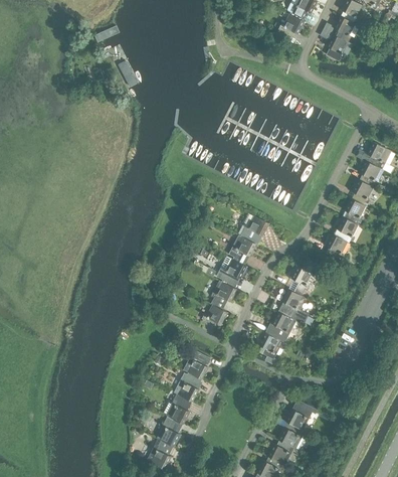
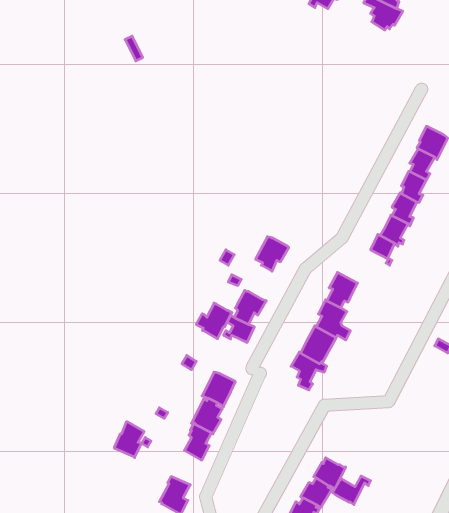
building: [242,215,269,243] -> none
building: [216,258,246,288] -> [196,303,232,339]
building: [284,406,317,430] -> [333,476,371,505]
building: [157,416,182,446] -> [114,422,144,458]

